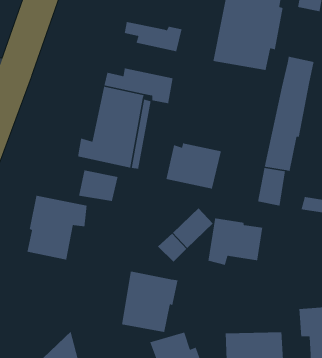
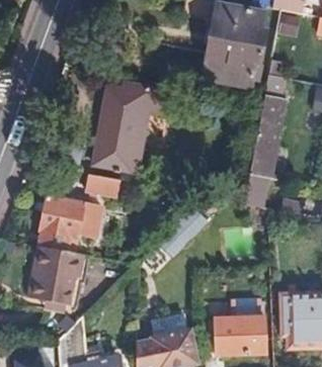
building: [124,21,183,52] -> none
building: [166,142,222,189] -> none
building: [207,218,263,266] -> none
building: [121,271,178,333] -> [29,246,80,300]

